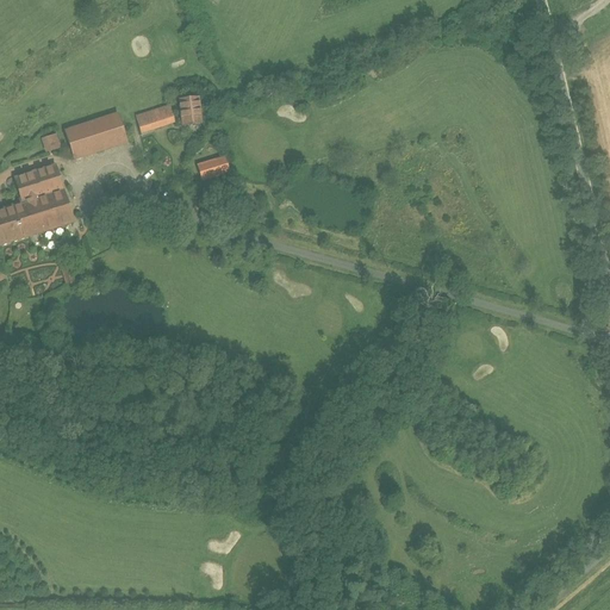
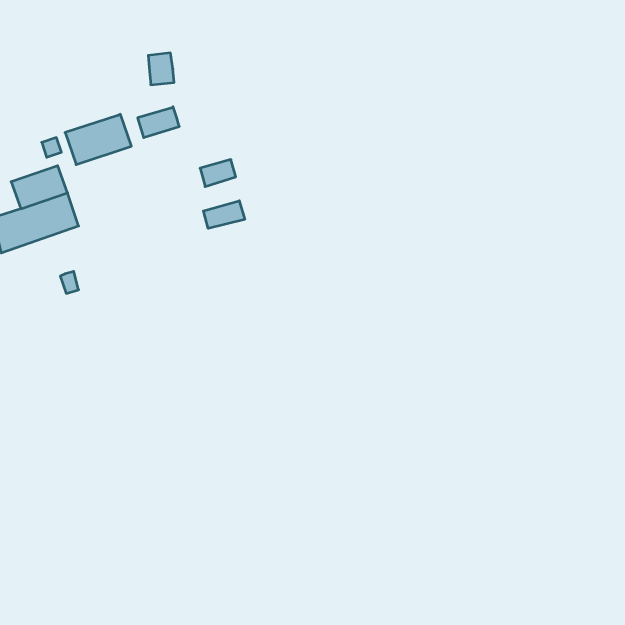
building: [179,95,204,126] -> [148,53,174,85]
building: none -> [203,201,245,228]

